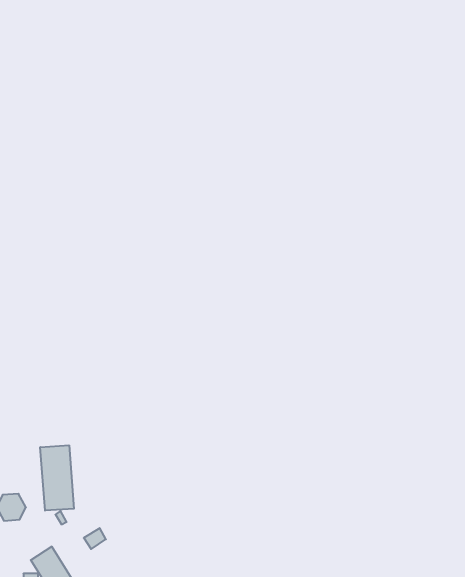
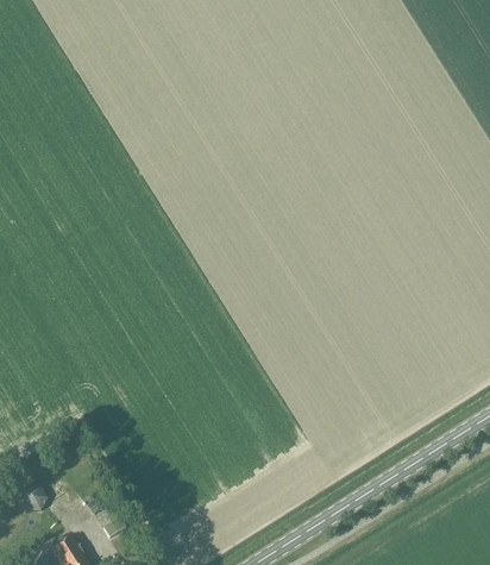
building: [40,445,74,511] -> none

